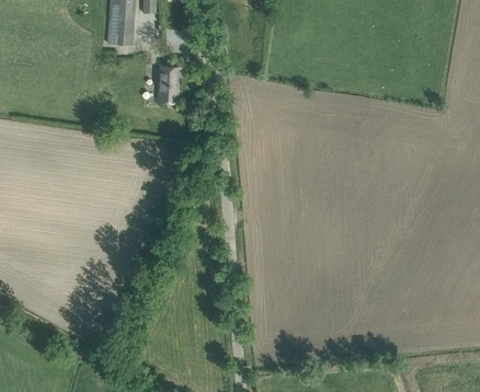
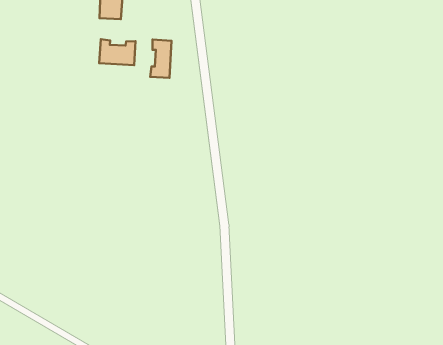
building: none -> [99,39,136,65]

